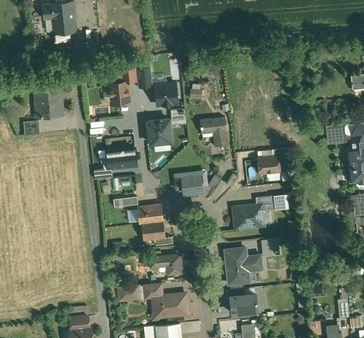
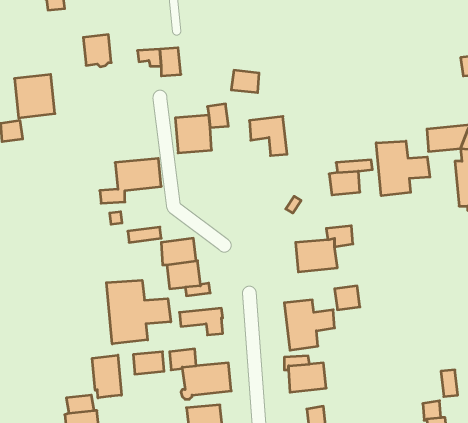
building: [109,82,129,105] -> [83,35,111,67]
building: [154,84,177,105] -> none
building: none -> [376,141,430,196]
building: [172,169,207,196] -> none
building: none -> [106,280,171,344]
building: none -> [92,355,121,398]

